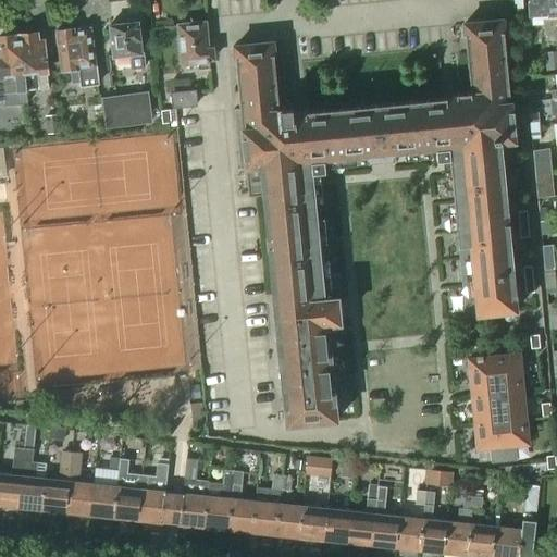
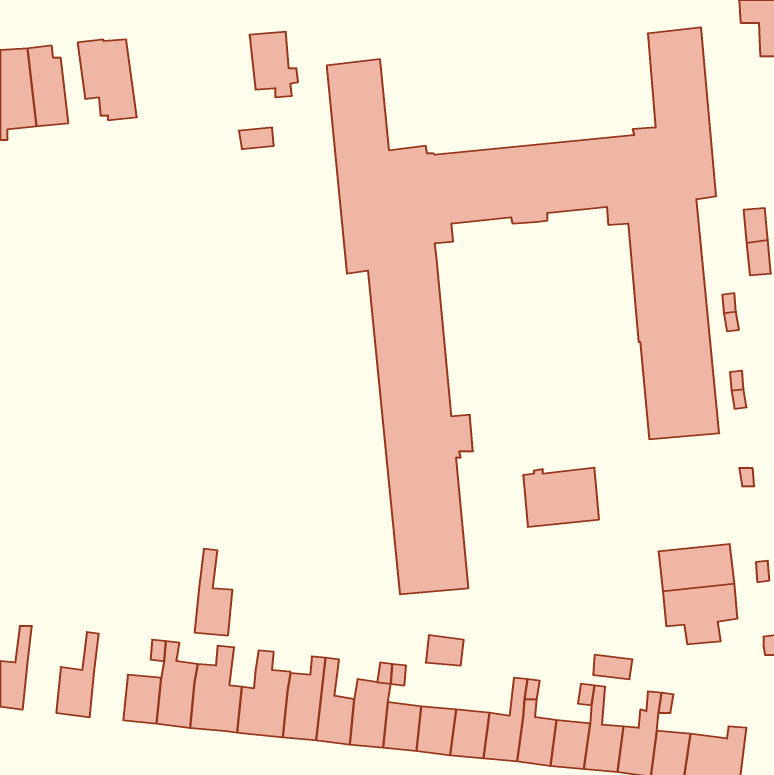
building: [111,22,146,70] -> none
building: [106,94,152,127] -> none
building: [470,354,524,396] -> [523,468,599,527]
building: [18,449,48,511] -> none
building: [66,455,94,517] -> [195,549,233,635]

